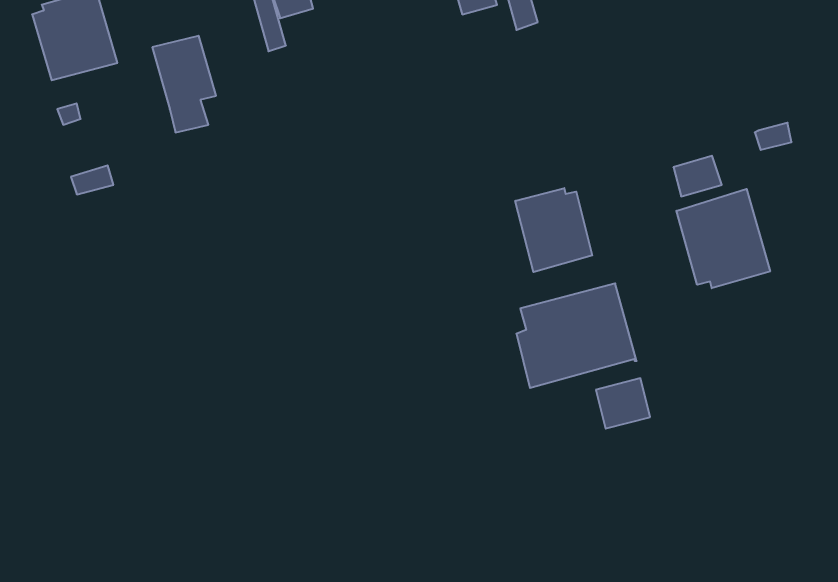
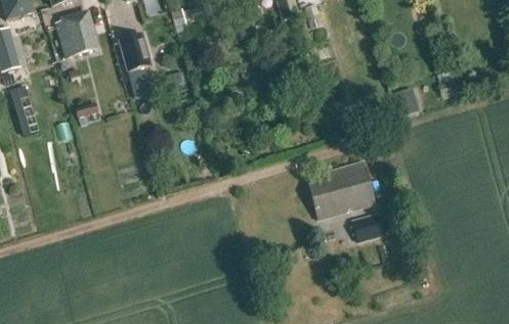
building: [515,188,592,272] -> none
building: [676,189,770,288] -> none

